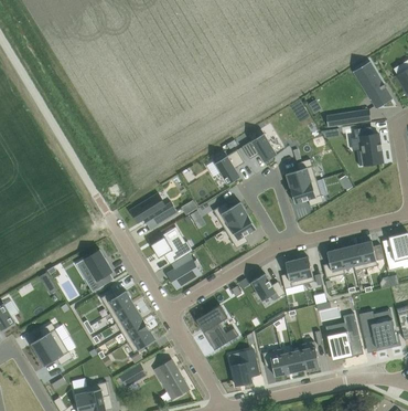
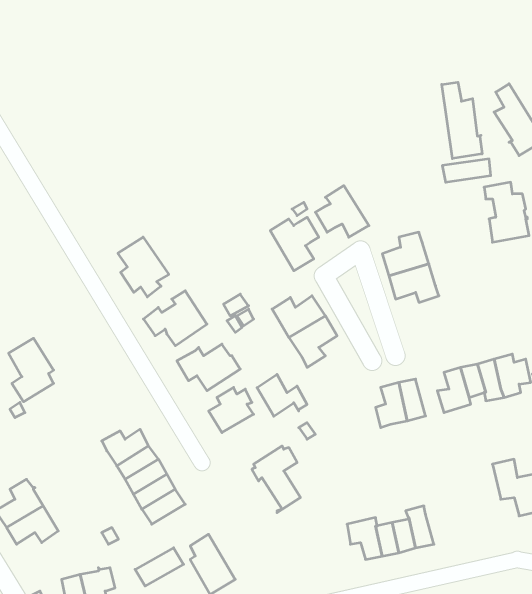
building: none -> [442,82,482,159]
building: none -> [118,237,169,297]
building: [83,249,112,291] -> [9,338,54,402]
building: [251,273,284,301] -> [257,374,307,416]
building: [328,315,361,359] -> none
building: [230,349,259,384] -> none

